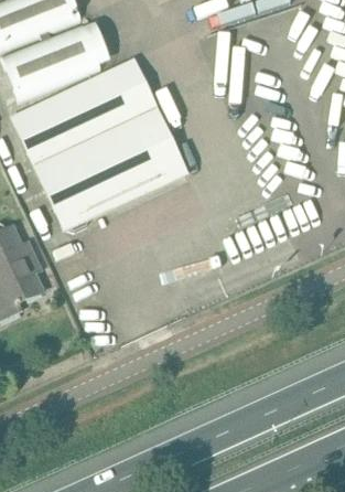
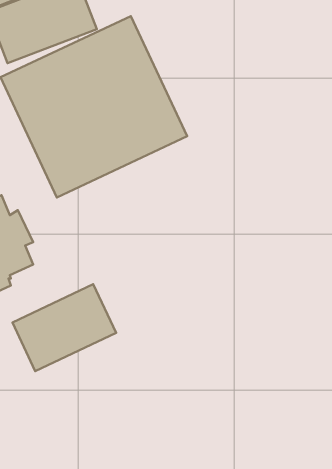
building: none -> [12,284,116,371]

